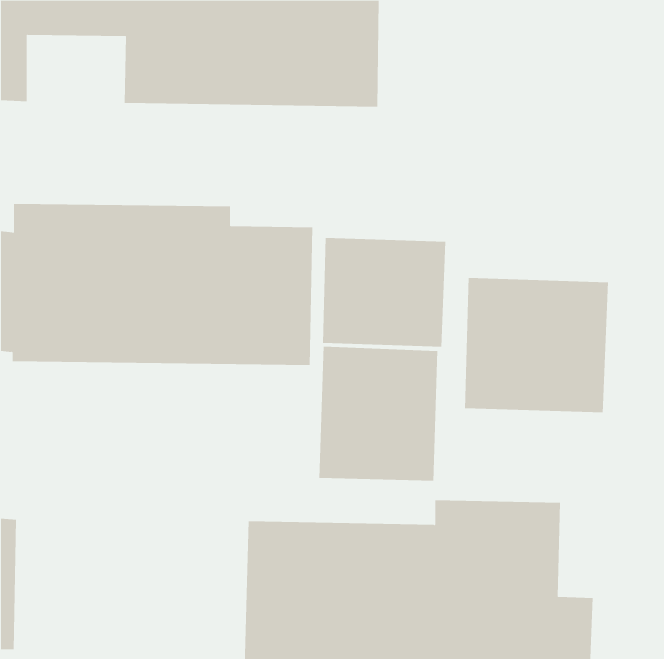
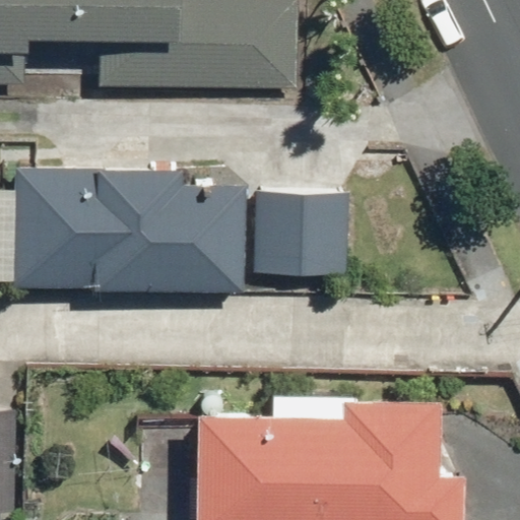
building: [464,277,608,413] -> none
building: [319,346,438,482] -> none

